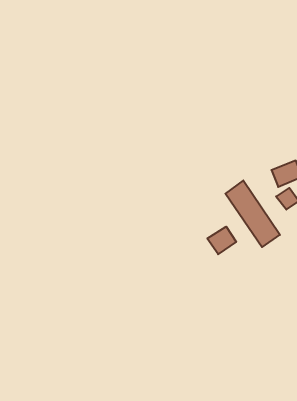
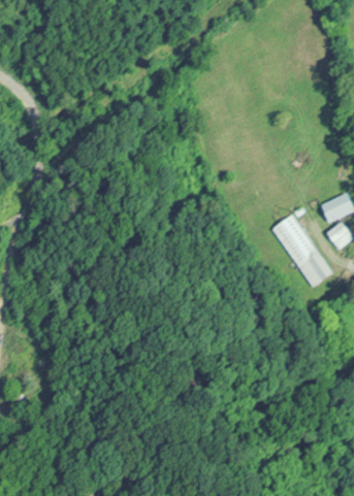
building: [207,227,236,254] -> none

